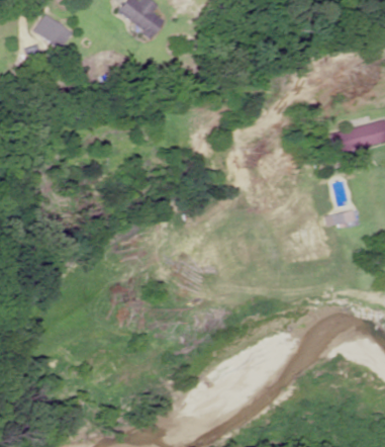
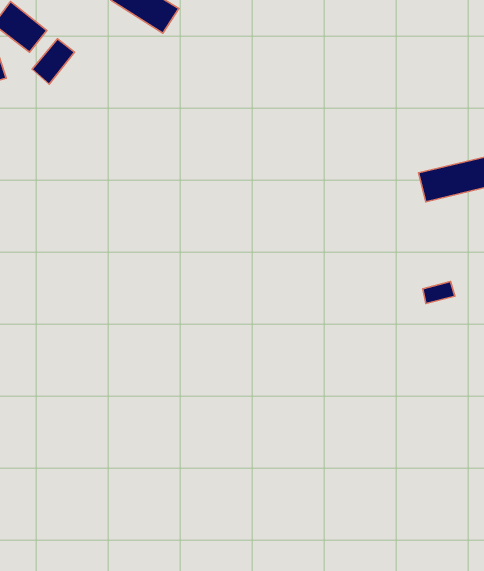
building: none -> [32,39,75,84]

